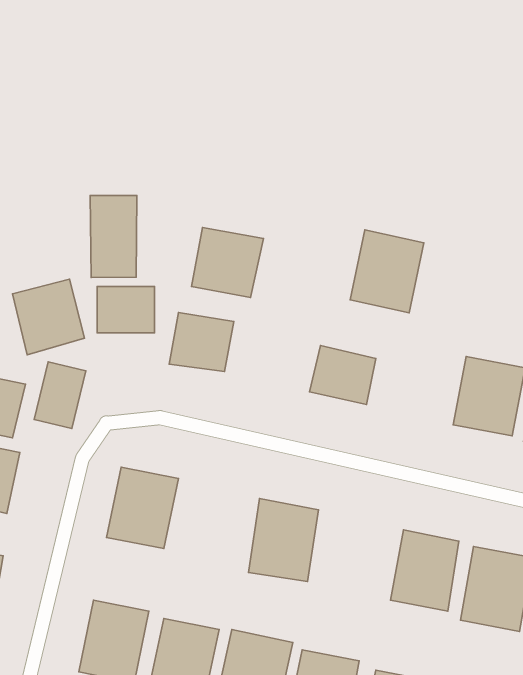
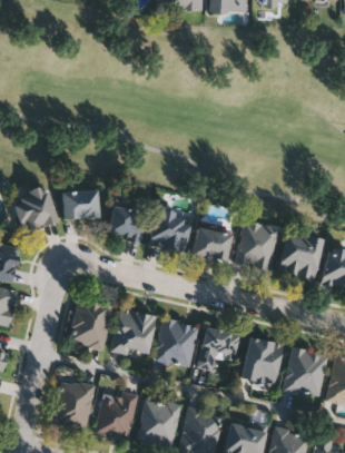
building: [90,196,137,278] -> none
building: [192,227,263,297] -> [149,209,193,252]
building: [350,230,424,313] -> [235,220,279,270]
building: [34,362,86,428] -> none
building: none -> [112,308,157,356]
building: none -> [197,326,241,372]

